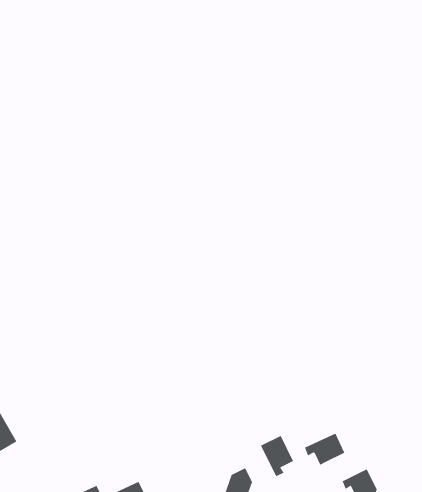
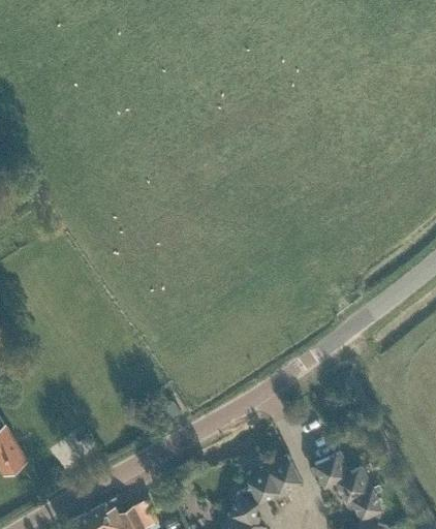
building: none -> [246,467,281,503]
building: none -> [331,469,371,502]

